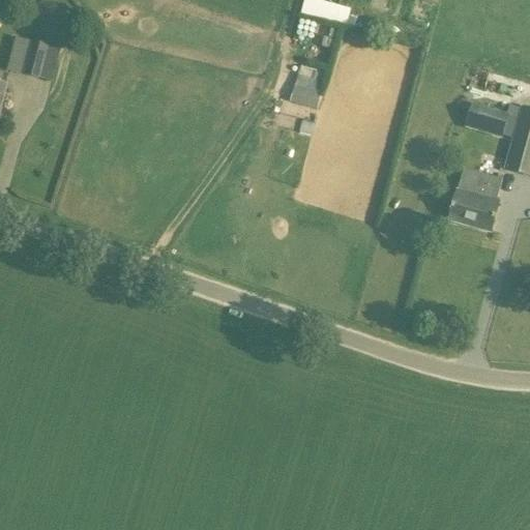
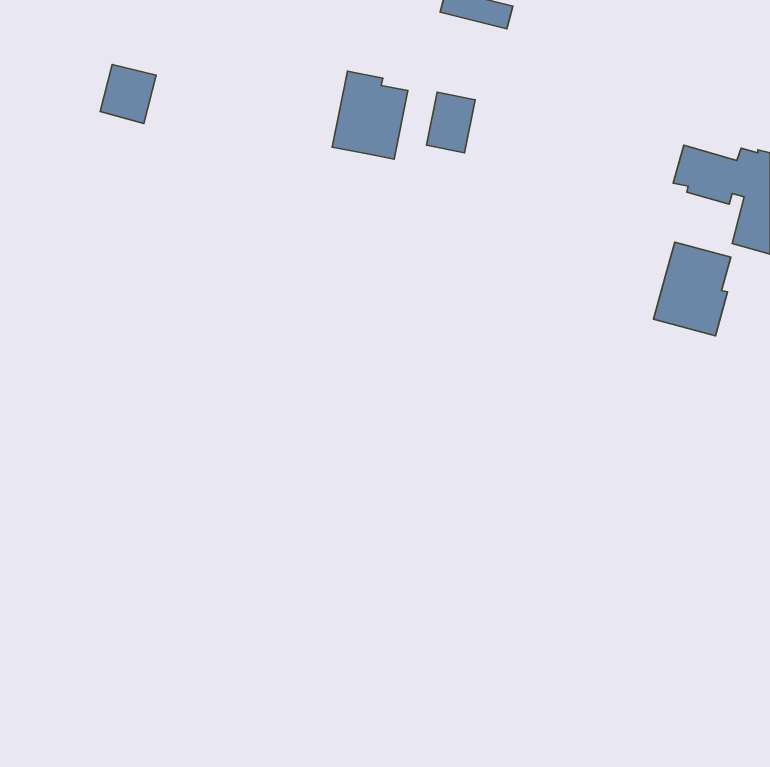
building: [19,38,57,79] -> [100,65,156,124]
building: none -> [332,71,408,159]

